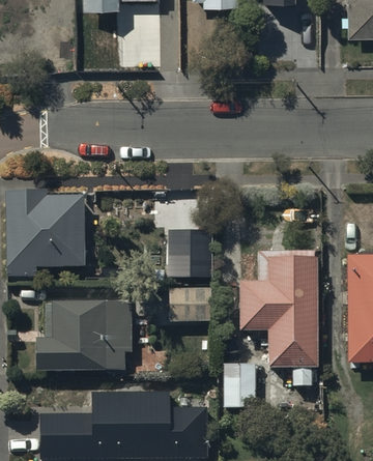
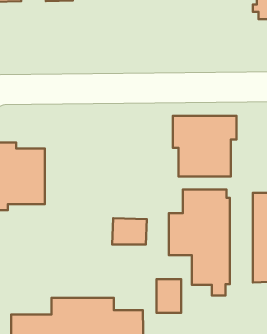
building: none -> [173,116,236,176]
building: [170,233,211,277] -> none
building: [36,300,132,370] -> none

